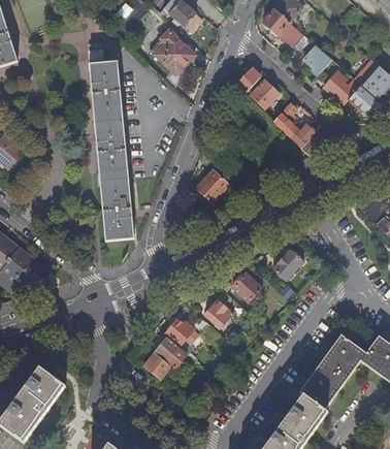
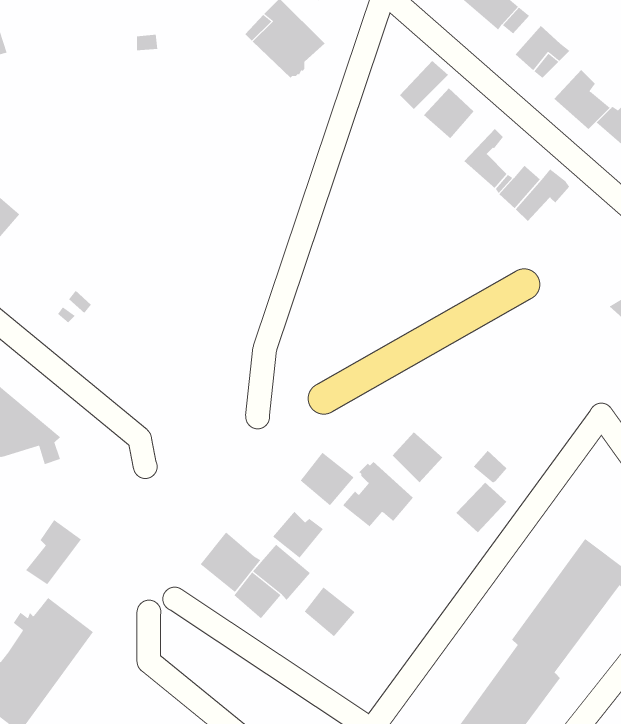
building: [89,60,133,239] -> none
building: [195,168,229,203] -> none
building: [272,250,301,279] -> [456,482,507,533]
building: none -> [300,452,354,506]
building: none -> [25,519,82,585]
building: none -> [200,532,261,593]
building: none -> [304,587,355,637]

